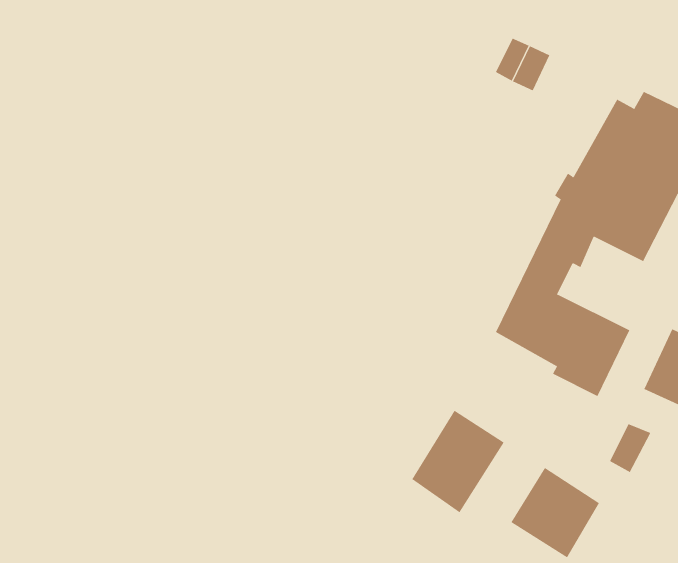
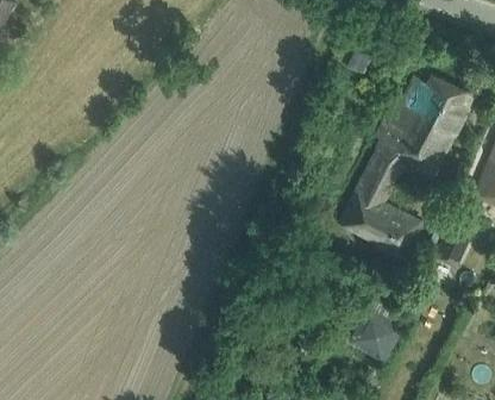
building: [412,410,505,513] -> none

